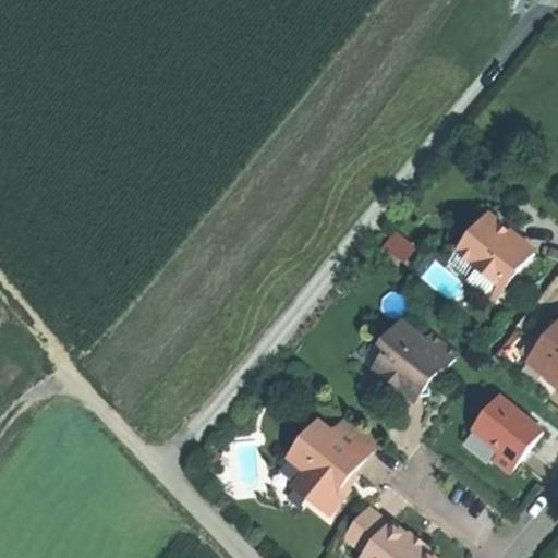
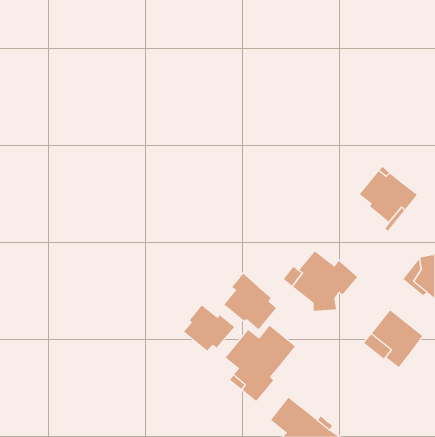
building: none -> [224,273,277,330]
building: none -> [183,305,235,351]

